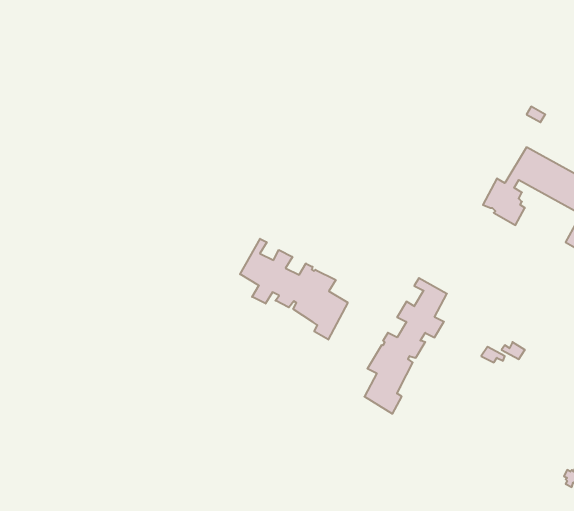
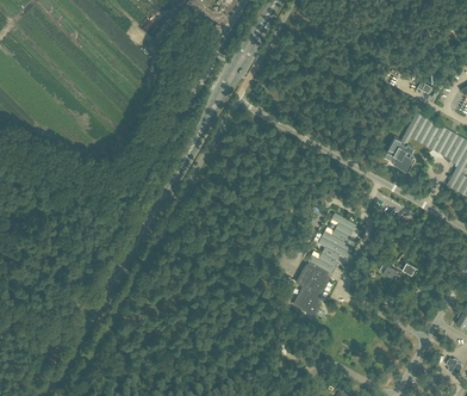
building: [240,239,348,340] -> none

